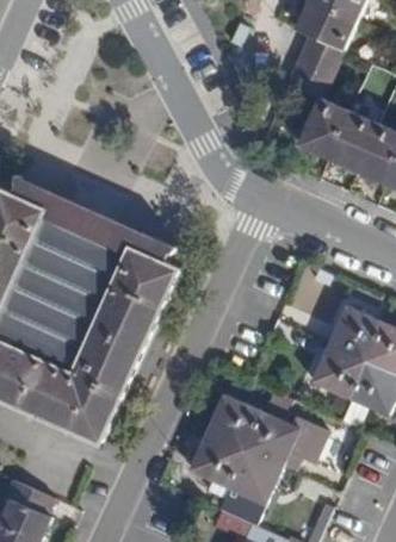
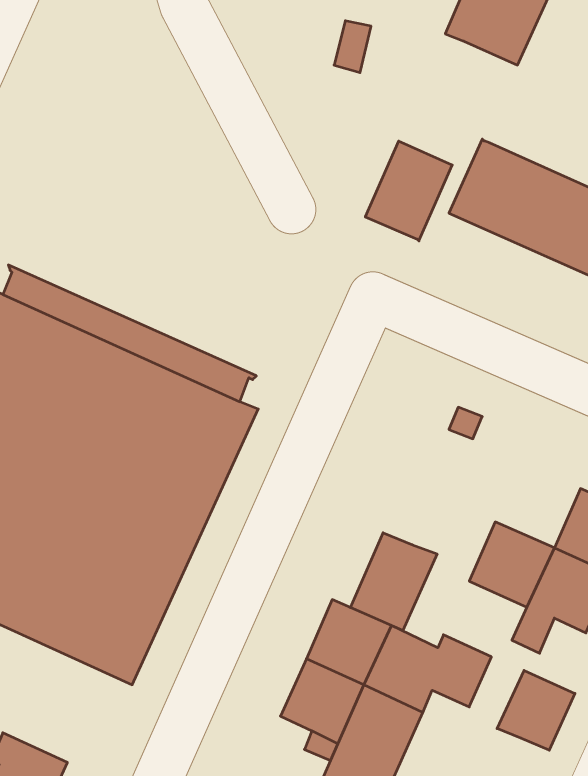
building: [286,33,342,98] -> [365,141,452,241]
building: [328,305,383,360] -> none
building: none -> [350,533,437,630]
building: none -> [497,670,575,750]

